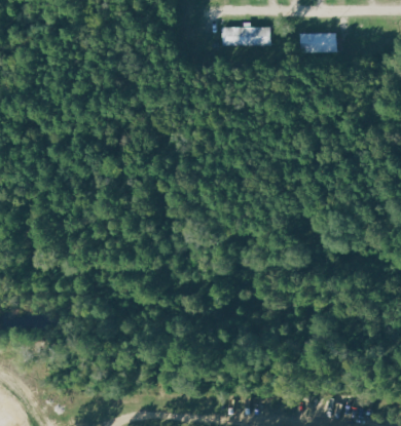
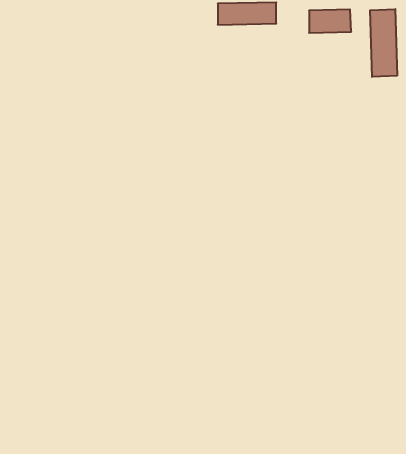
building: none -> [370,9,397,77]

